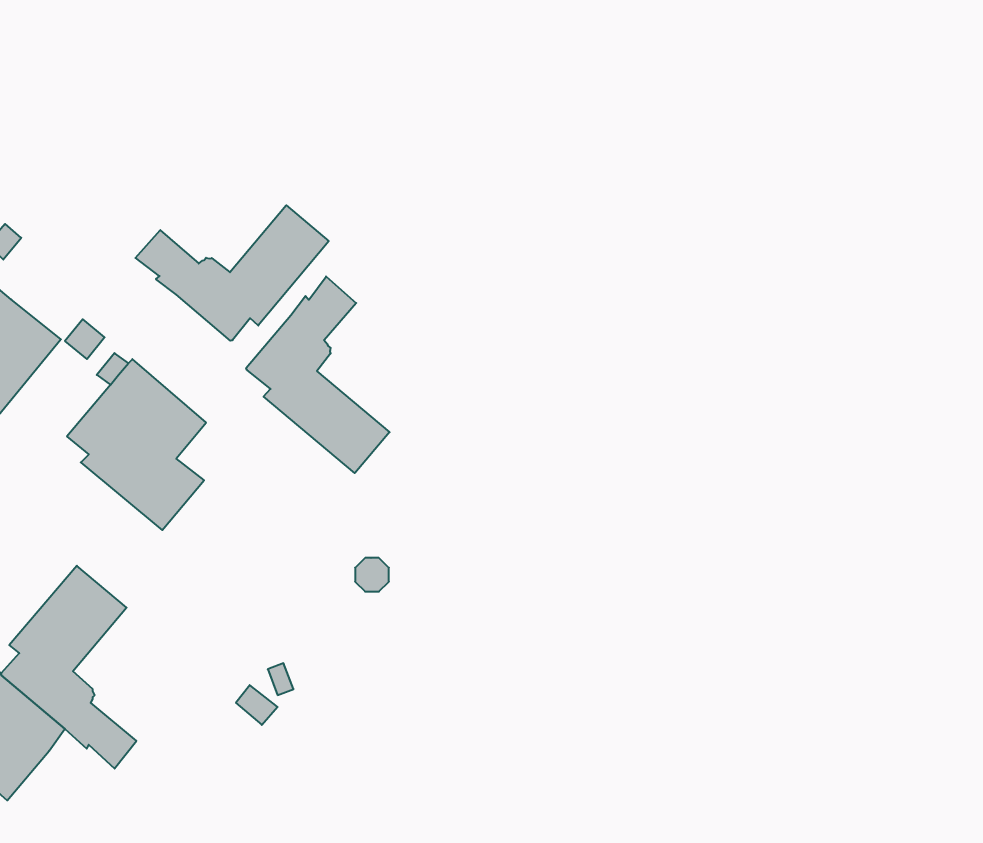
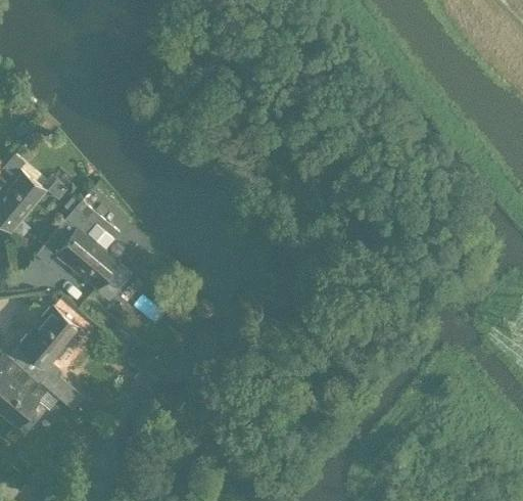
building: [135,205,329,341] -> none
building: [246,276,390,473] -> none

